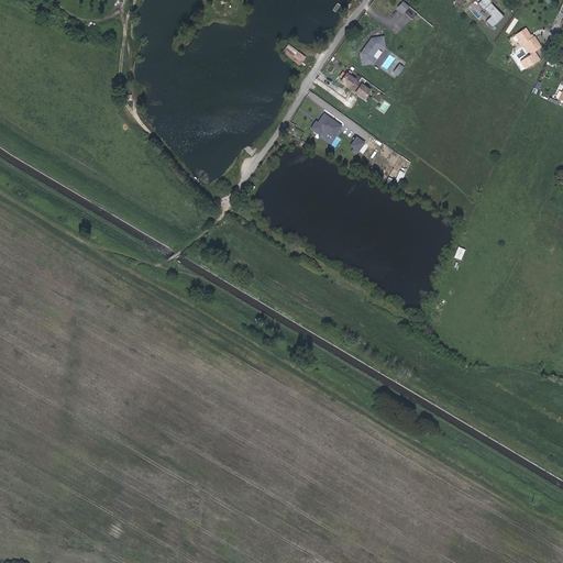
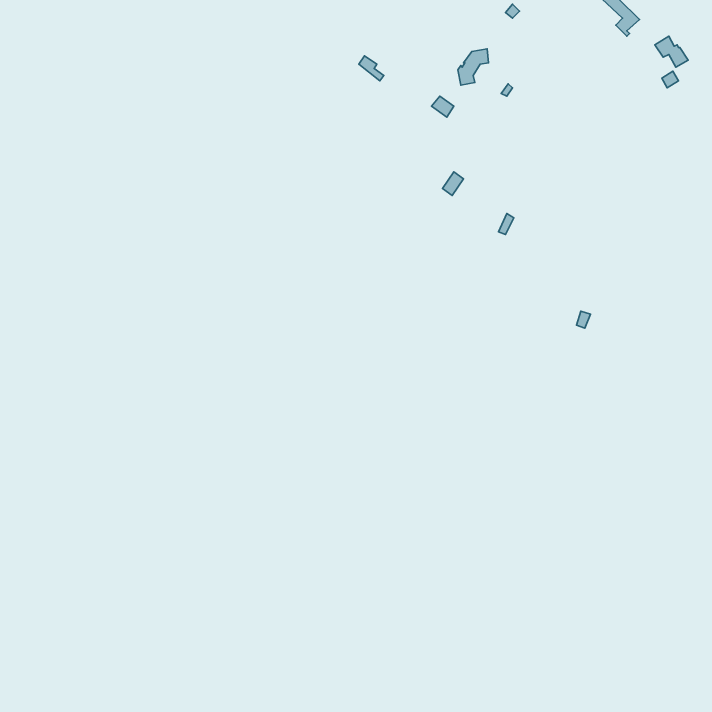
building: [310,112,343,137] -> none

